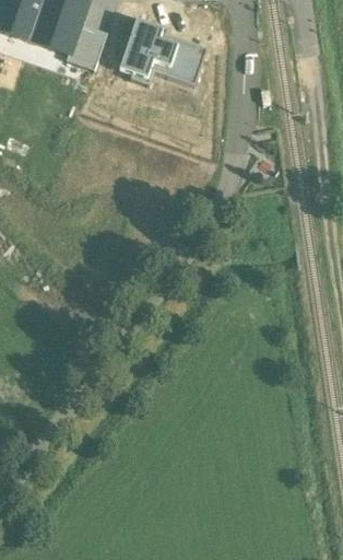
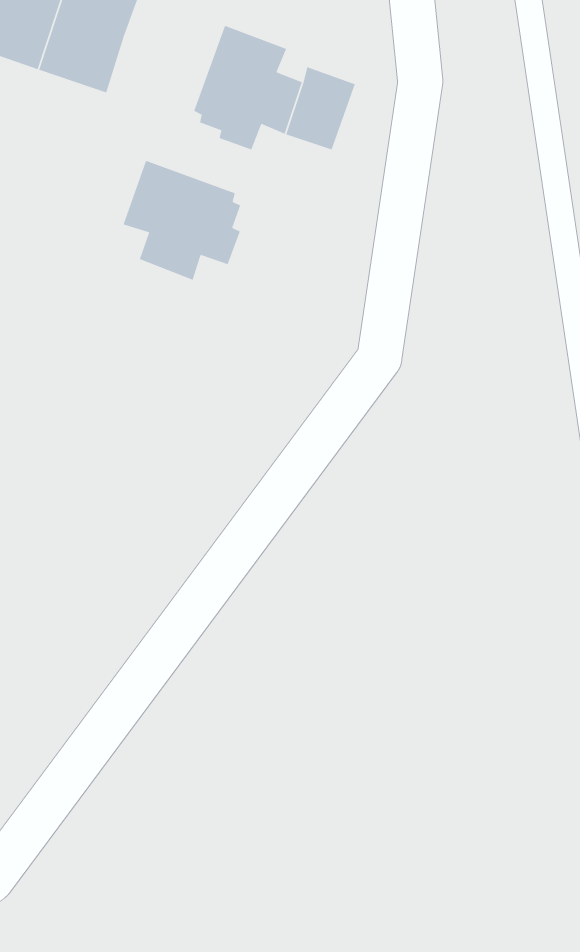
building: [67,21,108,68] -> none
building: none -> [123,160,241,281]

